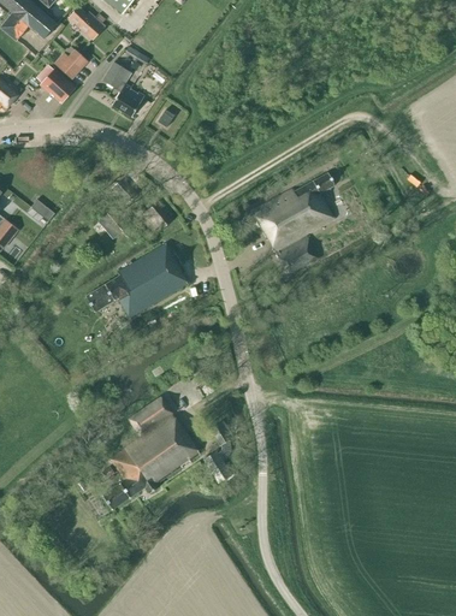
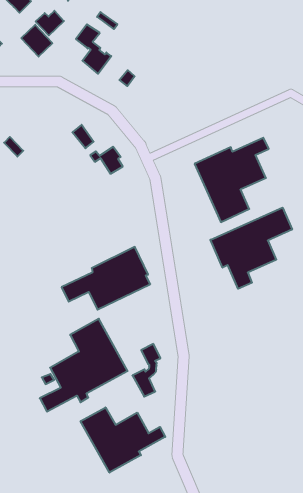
building: [85,242,186,318] -> [62,247,150,310]
building: none -> [210,208,292,289]
building: none -> [81,407,165,473]

